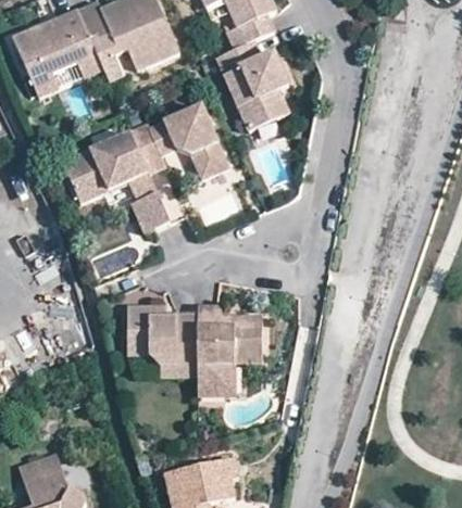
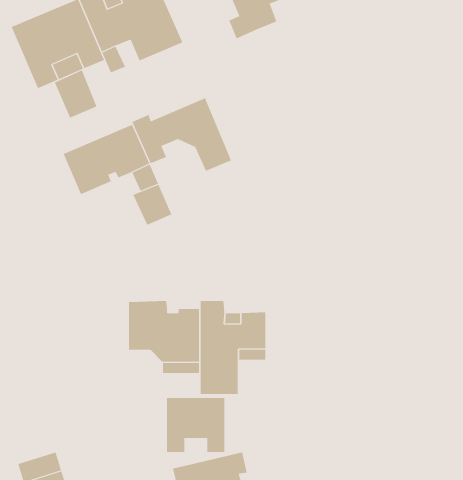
building: [216,39,287,129] -> none
building: none -> [54,70,97,118]
building: none -> [167,397,225,453]

